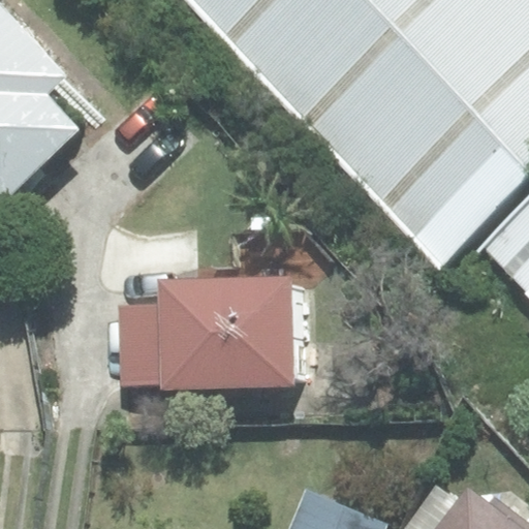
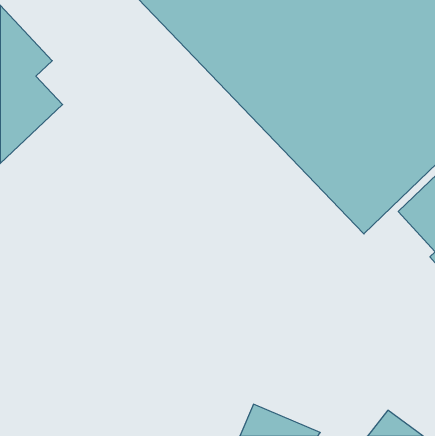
building: [124,275,297,387] -> none

